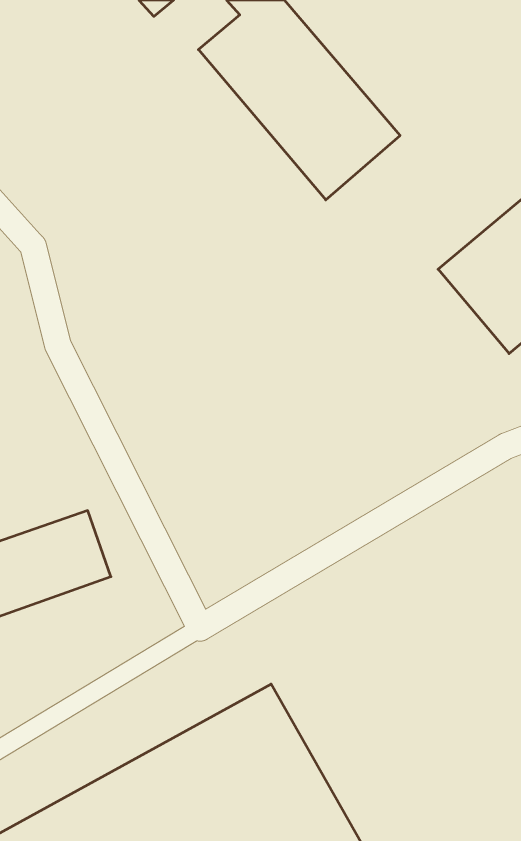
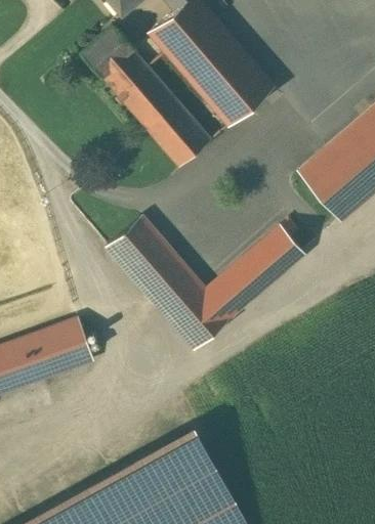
building: none -> [83,29,208,165]
building: none -> [108,217,303,347]

